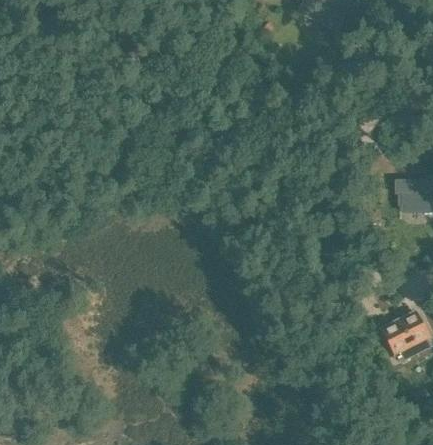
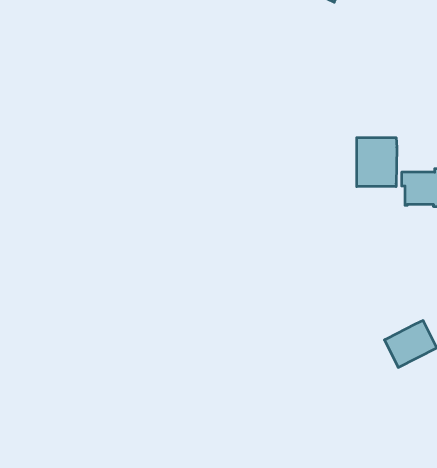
building: none -> [357,138,397,187]

